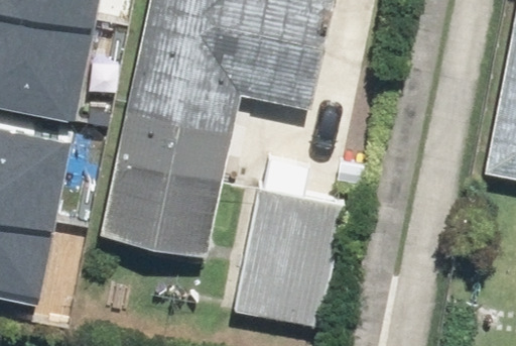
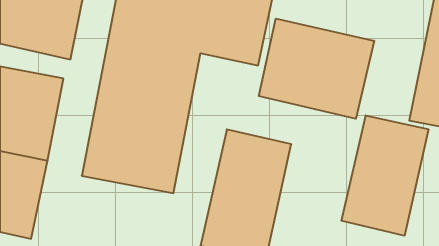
building: none -> [259,19,374,119]
building: none -> [341,115,428,236]

